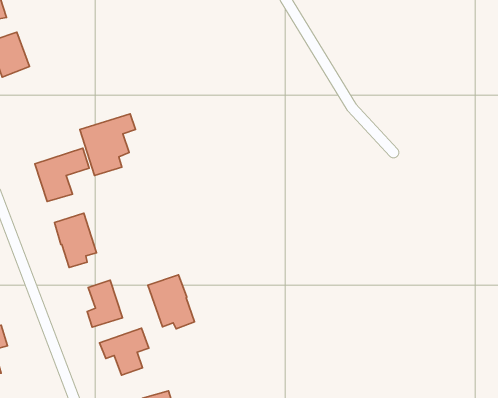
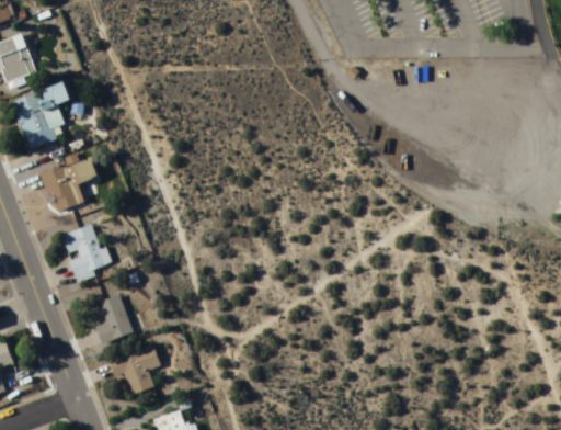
building: [80,114,135,176] -> [13,83,71,148]
building: [148,275,194,329] -> none

